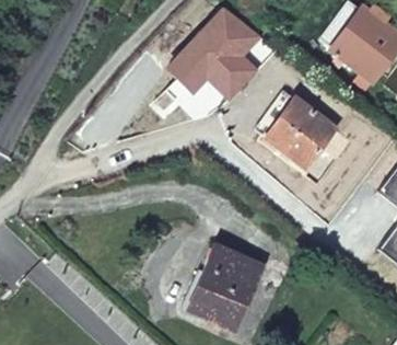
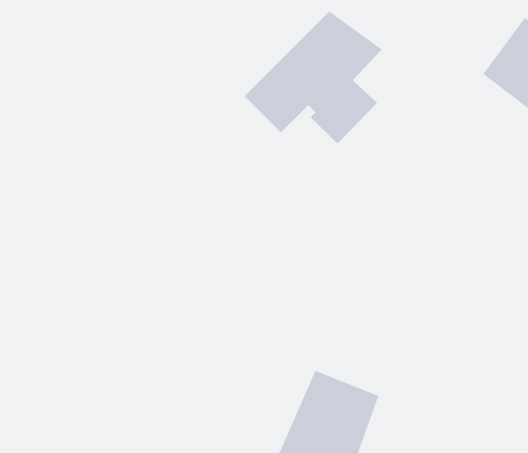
building: [259,105,330,173] -> none

